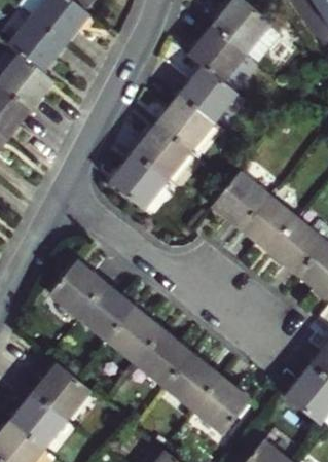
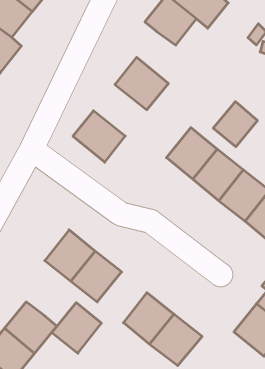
building: [179,66,236,122] -> none
building: [132,123,190,180] -> none
building: none -> [213,102,257,147]
building: [48,260,105,317] -> none
building: [136,329,190,385] -> [52,303,101,353]

